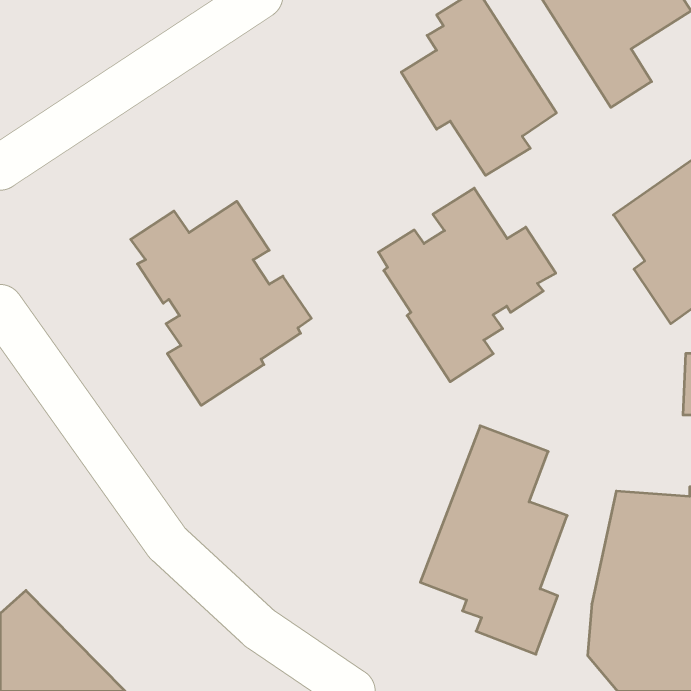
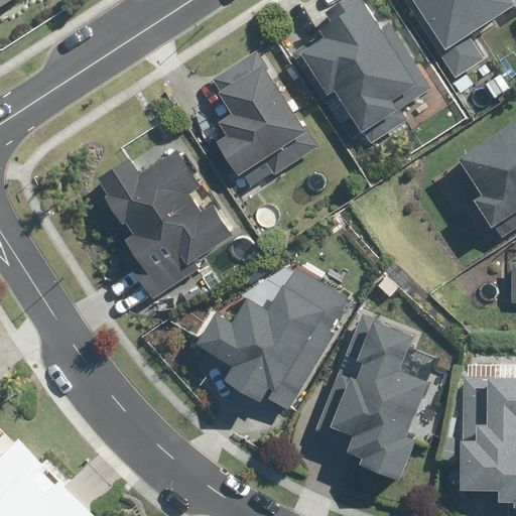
building: none -> [221,54,316,170]
building: [378,188,556,382] -> none
building: none -> [197,269,347,411]

